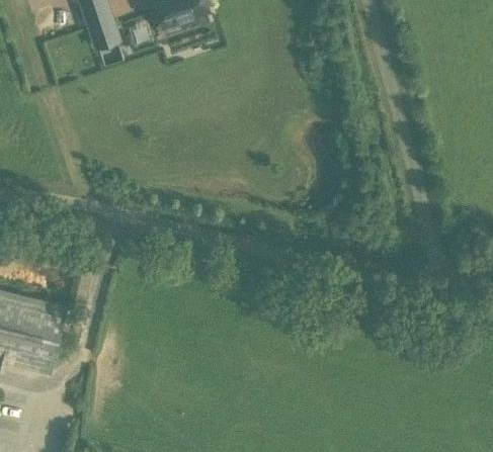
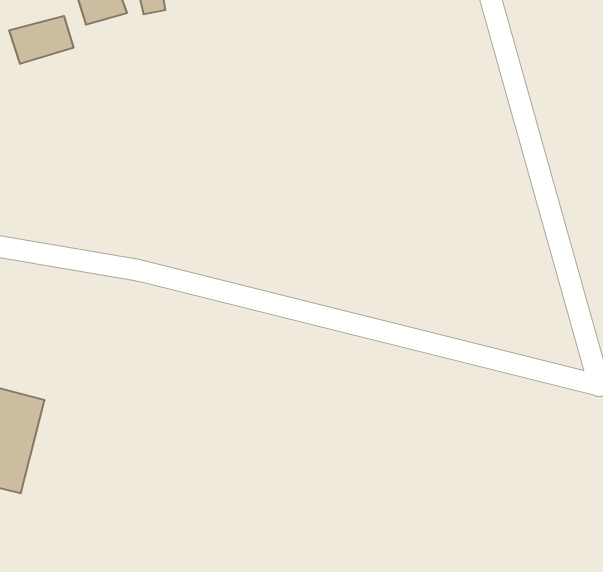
building: none -> [9,16,74,64]

